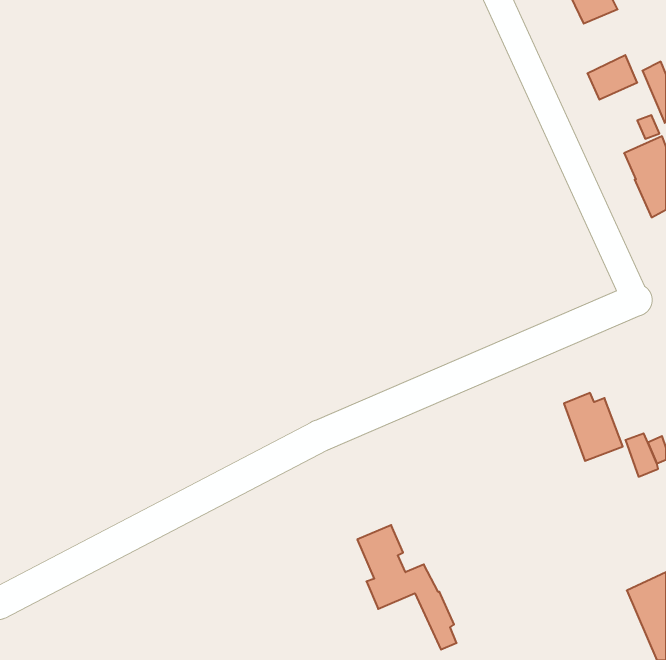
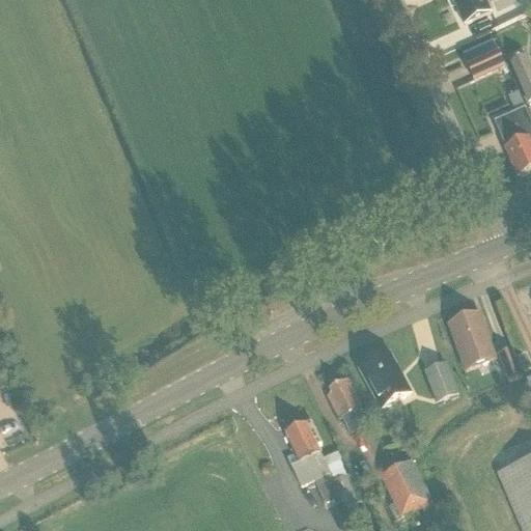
building: none -> [358,347,409,403]
building: none -> [422,357,458,398]
building: none -> [326,373,361,428]
building: none -> [380,456,431,514]

